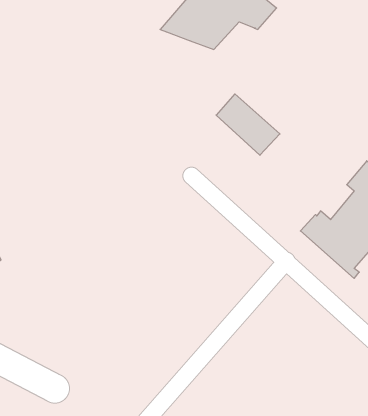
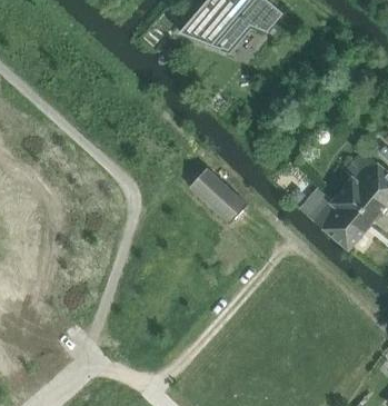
building: [216,94,280,155] -> [189,168,246,222]

